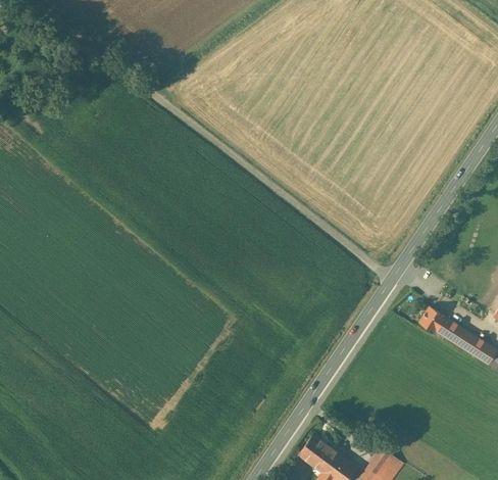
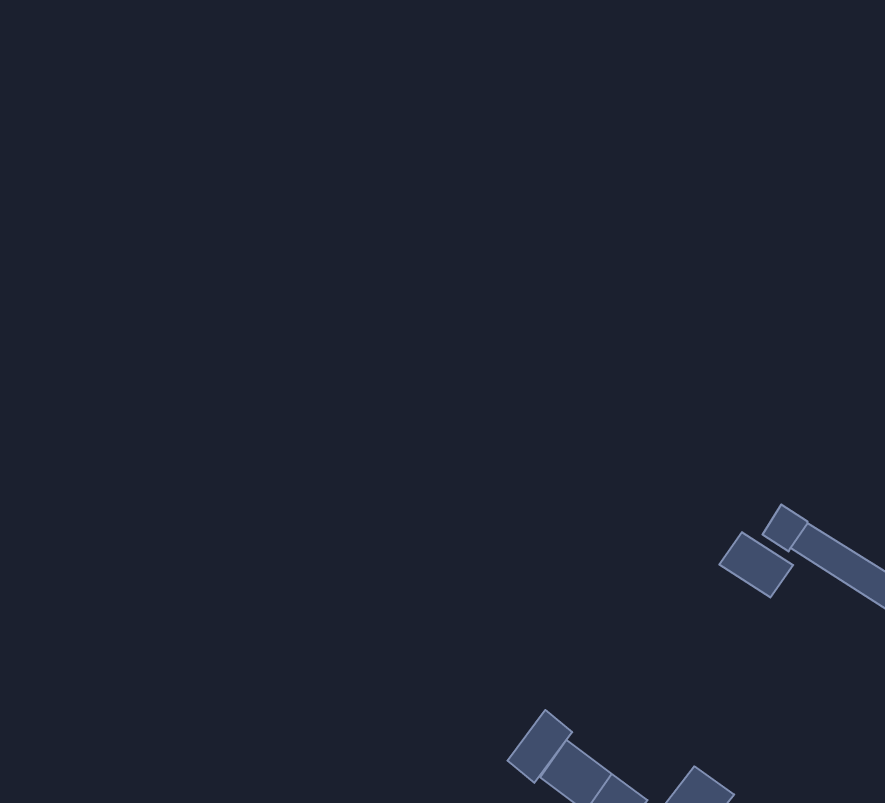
building: none -> [719,532,793,598]
building: none -> [507,710,572,783]

